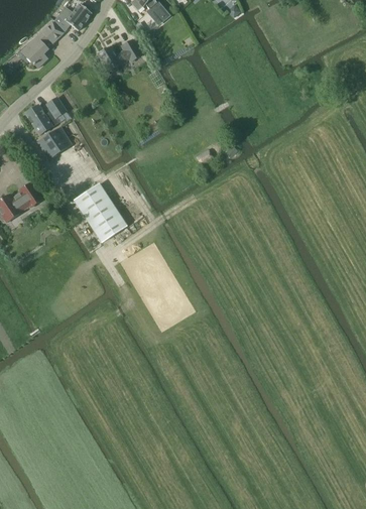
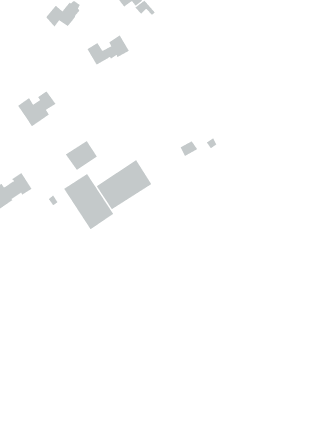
building: [25,20,63,67] -> none
building: [36,125,71,157] -> [65,140,98,171]
building: none -> [96,159,152,210]

